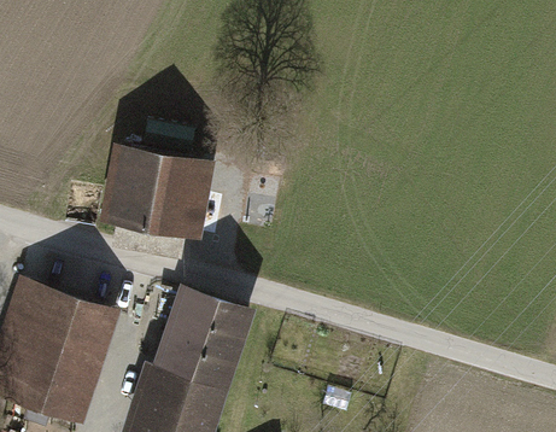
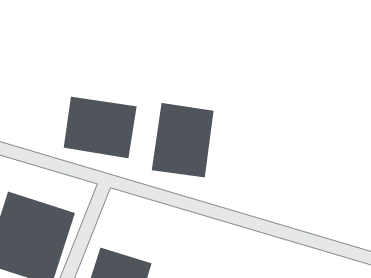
building: none -> [151,102,214,178]
building: [153,286,254,387] -> none

